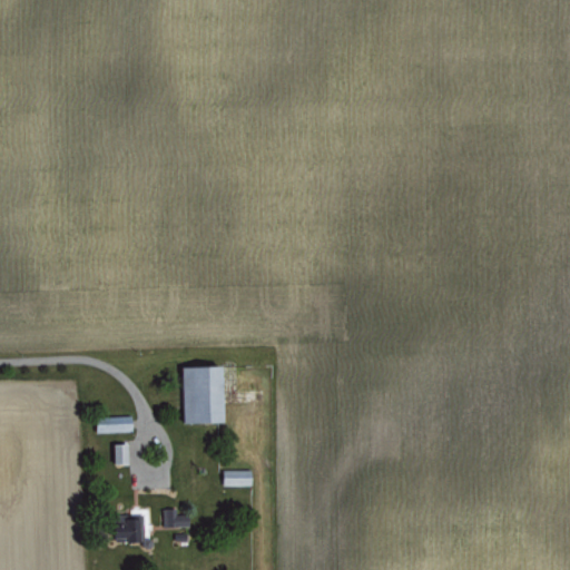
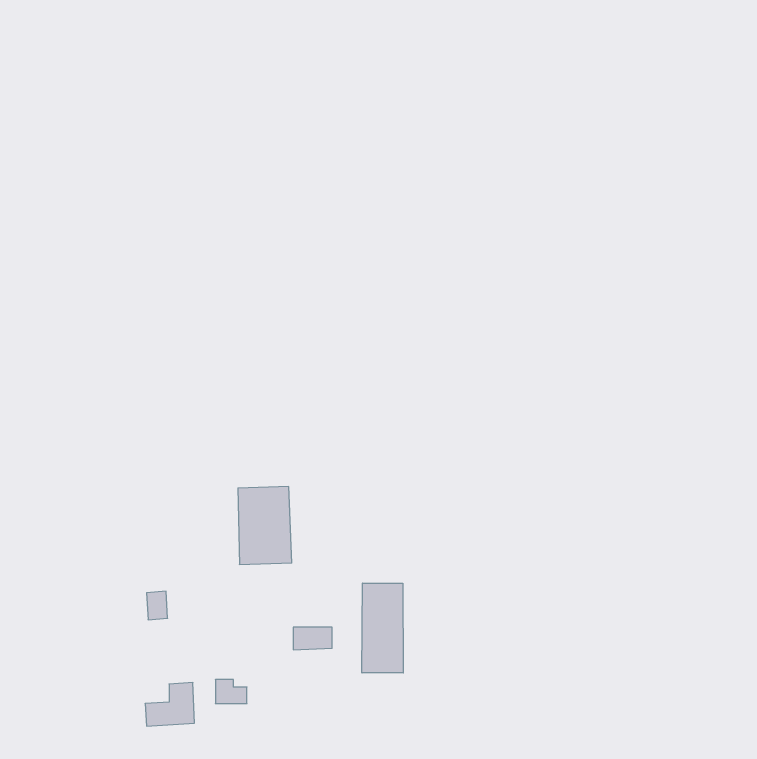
building: [97,417,134,434] -> none
building: none -> [362,583,403,673]

